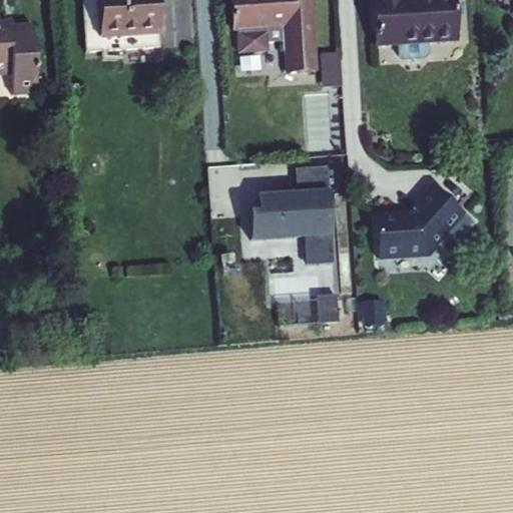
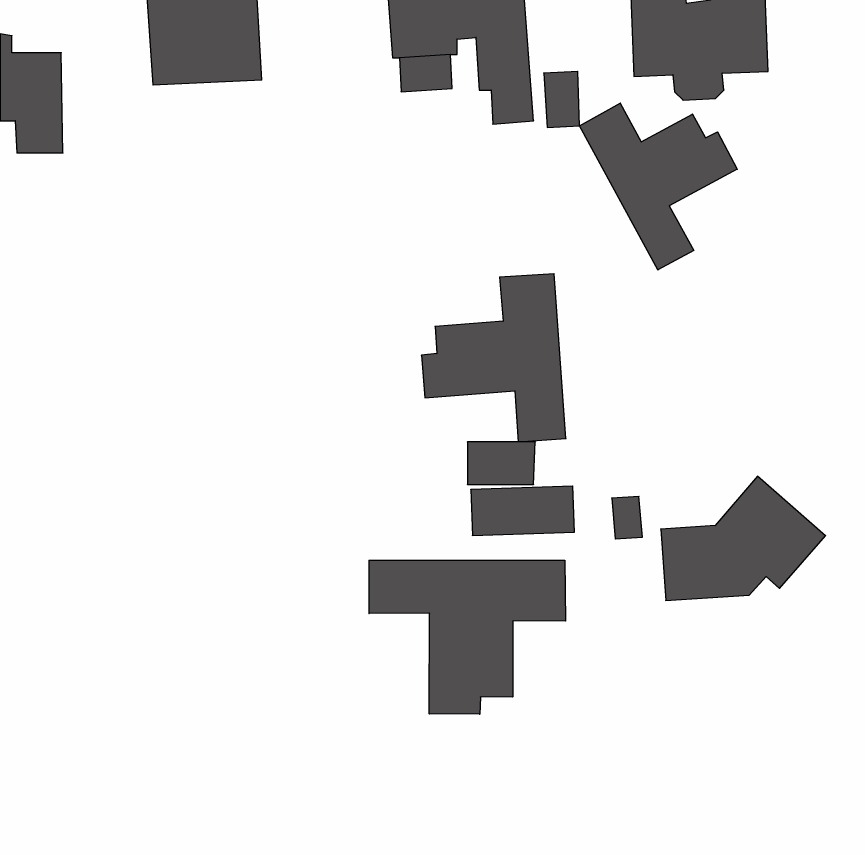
building: none -> [579,103,737,270]
building: [377,184,474,258] -> [661,476,826,600]
building: none -> [369,560,565,714]

